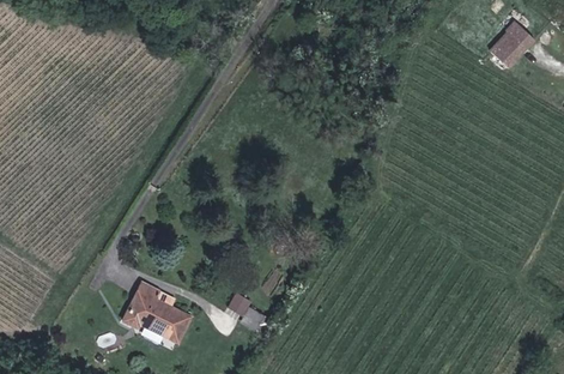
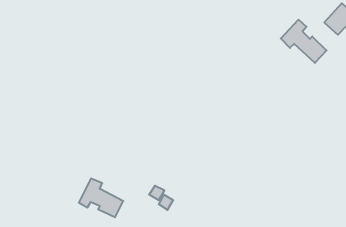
building: none -> [281,20,327,63]

